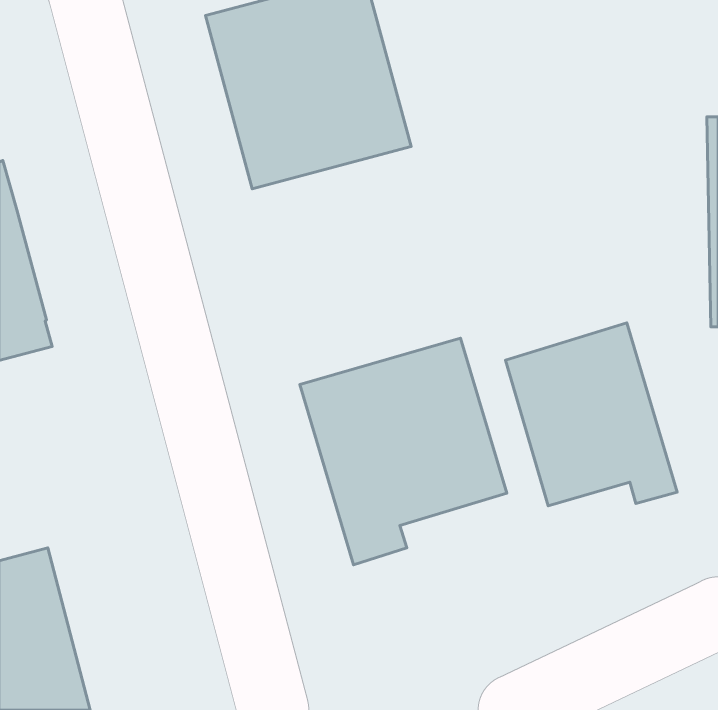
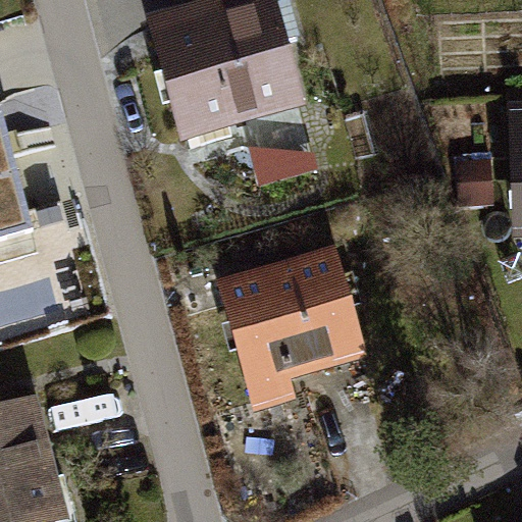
building: [505,323,677,506] -> none

